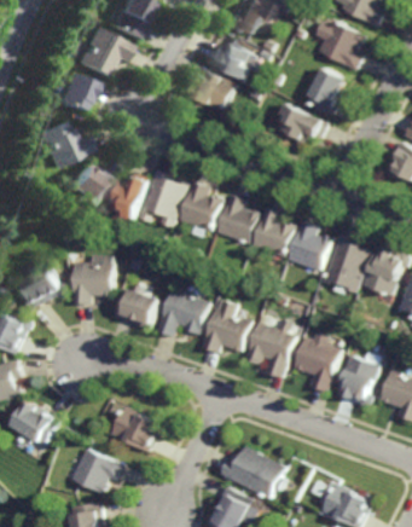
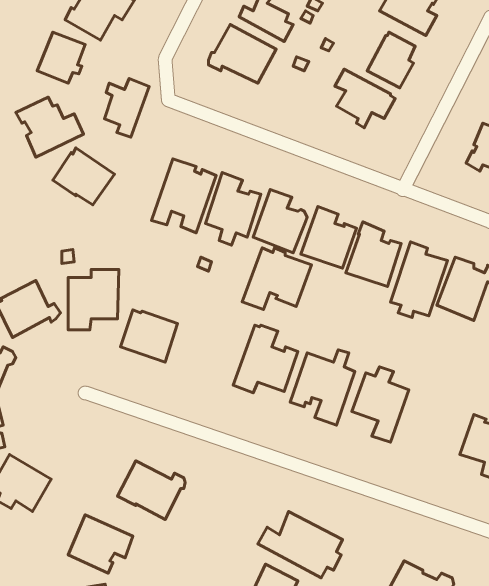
building: [112,174,147,220] -> [104,79,149,137]
building: [157,289,211,337] -> [242,248,311,309]
building: [336,352,381,407] -> none

